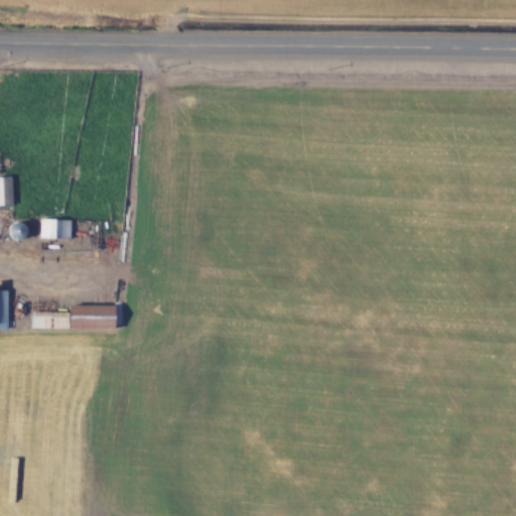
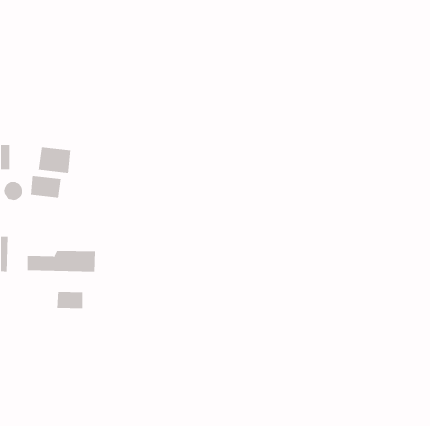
building: none -> [38,146,71,174]
building: none -> [57,291,83,309]

